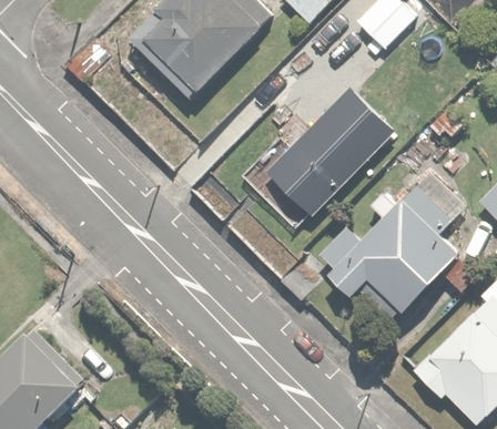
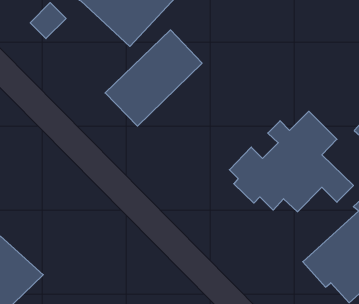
building: [270,90,393,212] -> [105,30,202,126]

